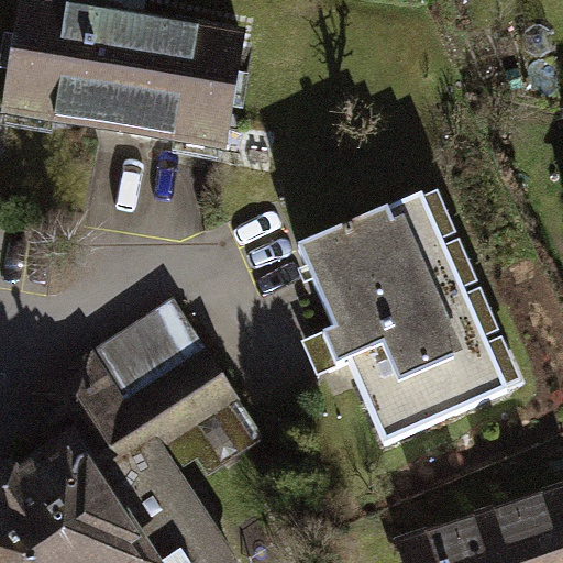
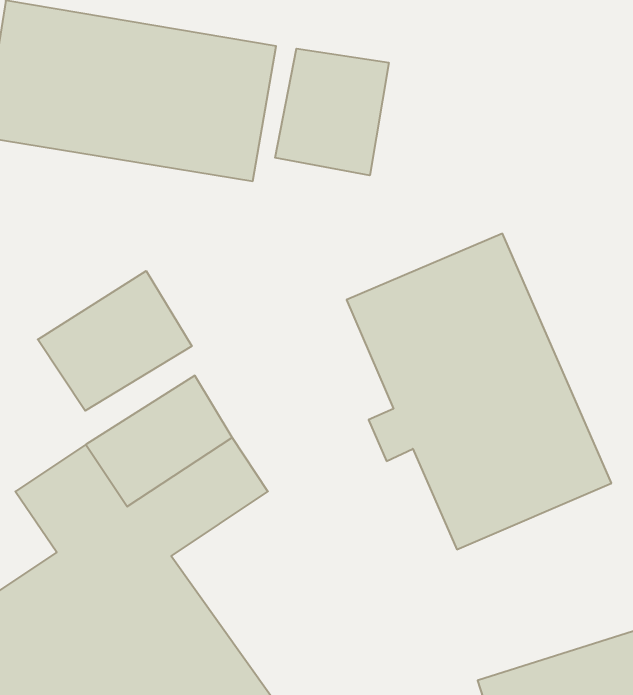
building: none -> [275,49,389,175]
building: none -> [38,271,192,411]

